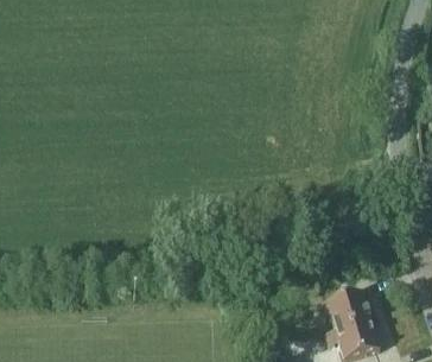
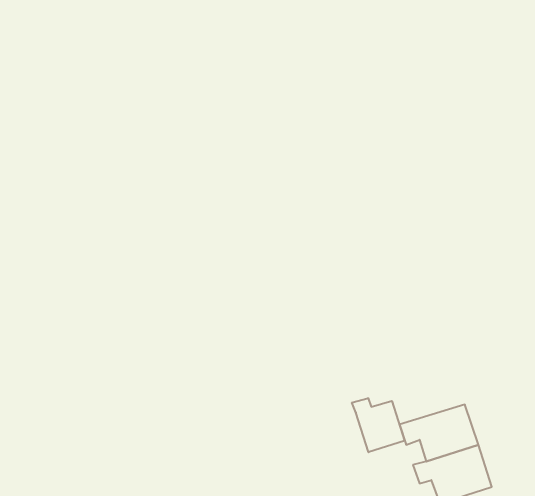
building: none -> [352,398,405,452]

